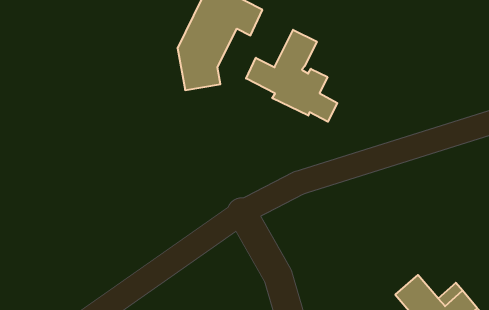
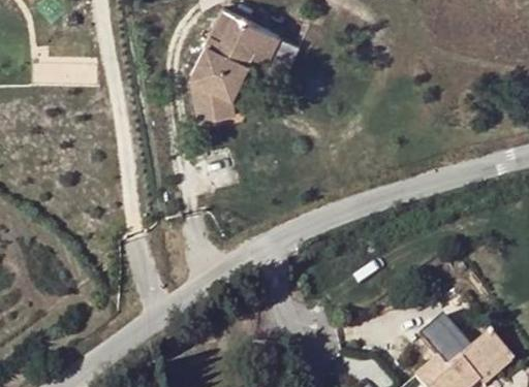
building: [246,30,337,122] -> none

